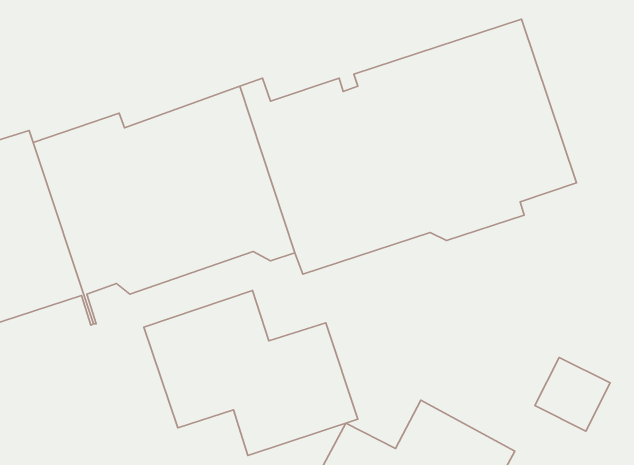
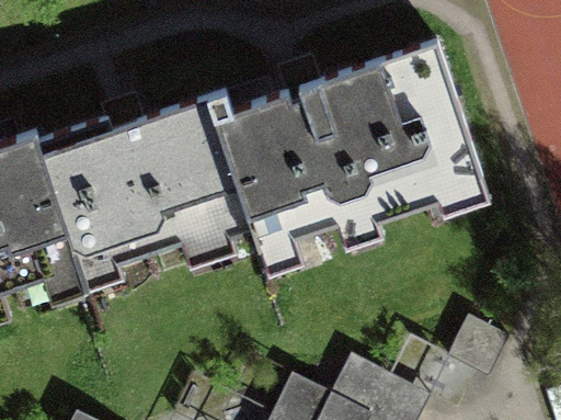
building: [144,291,358,456] -> none

